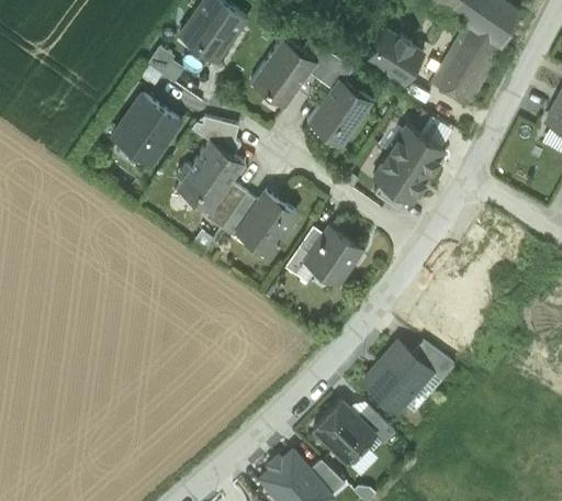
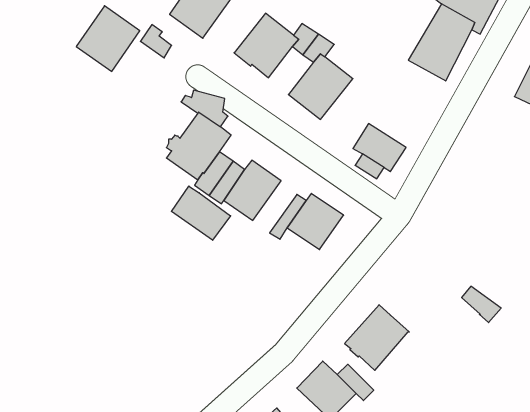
building: [368,33,423,85] -> none
building: [113,94,180,164] -> [76,6,140,71]
building: [389,126,445,178] -> none
building: none -> [171,186,231,240]
building: [412,343,453,381] -> [462,286,501,323]

